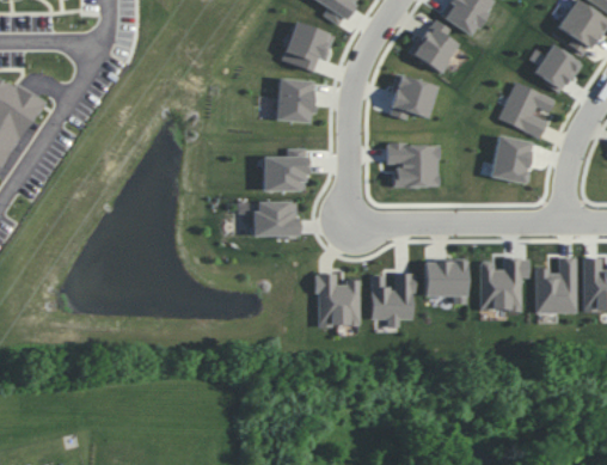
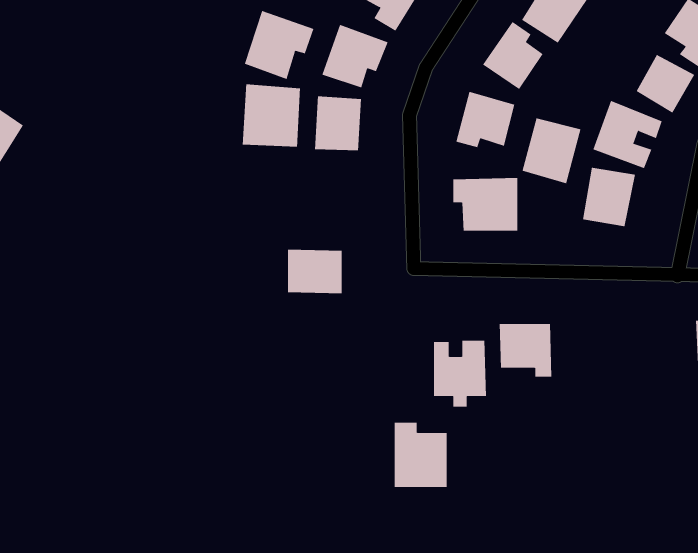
building: none -> [244,10,314,80]
building: none -> [242,84,301,148]
building: none -> [522,117,581,184]
building: [262,148,307,191] -> none
building: [478,257,528,311] -> none
building: [534,258,577,313] -> none
building: [317,274,360,326] -> [394,422,447,488]

